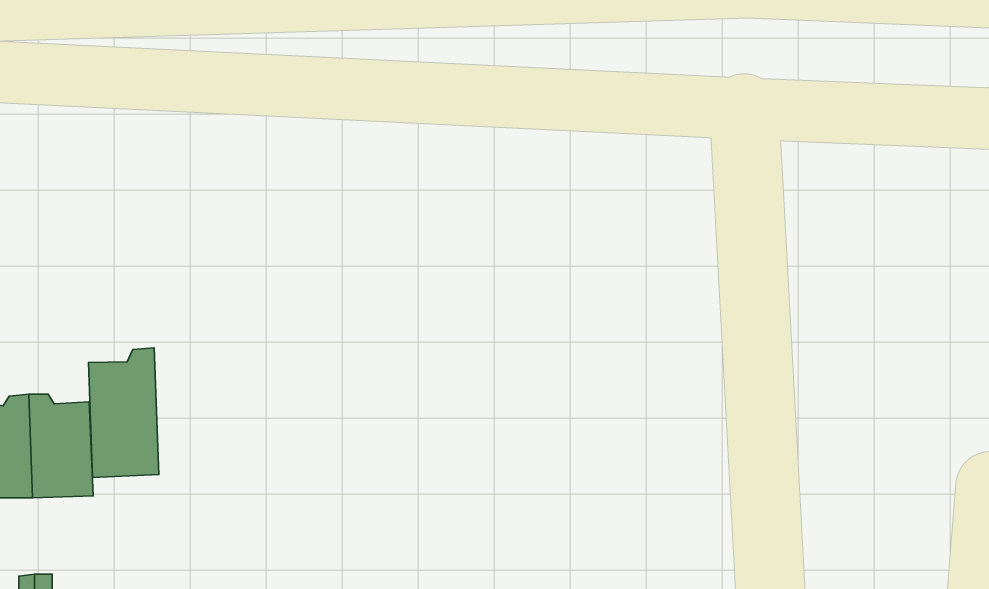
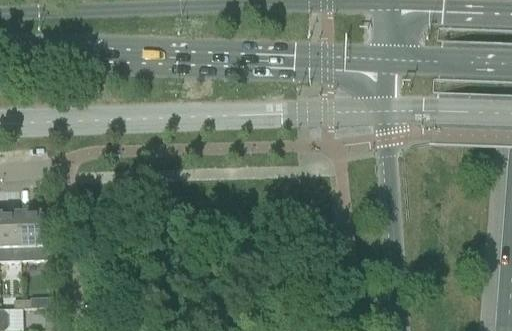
building: [89,348,159,477] -> none

